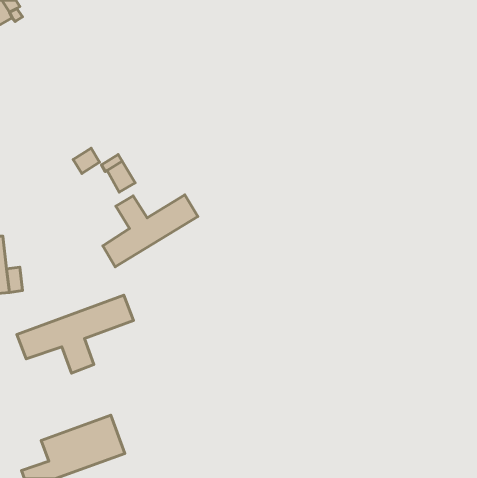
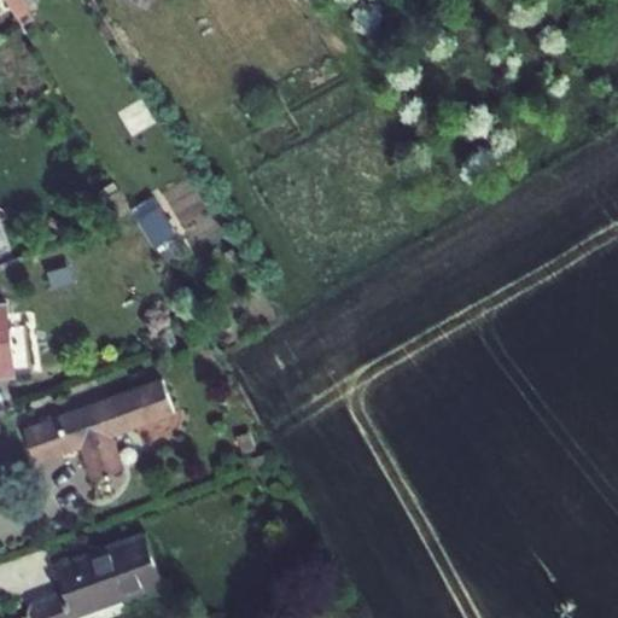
building: [103,195,198,267] -> none

